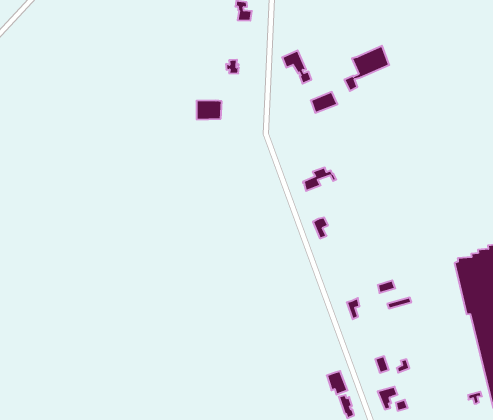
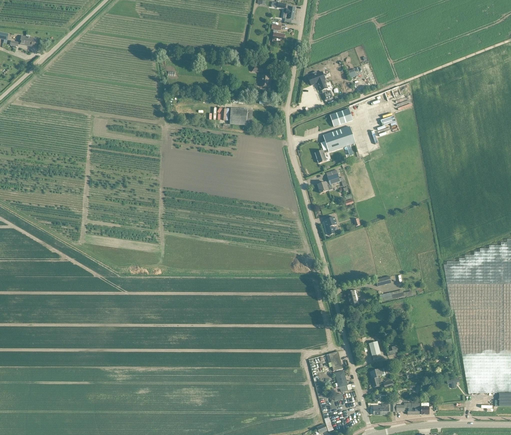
building: [344,46,389,91] -> [316,125,356,162]

